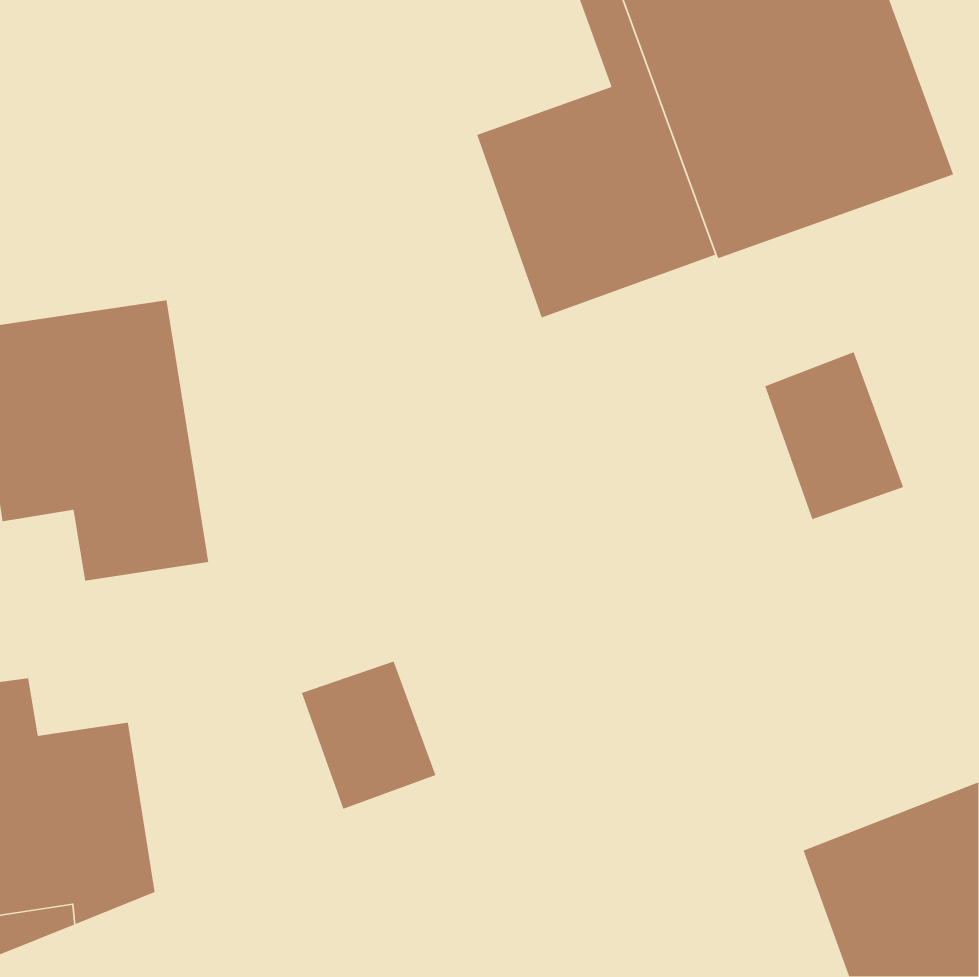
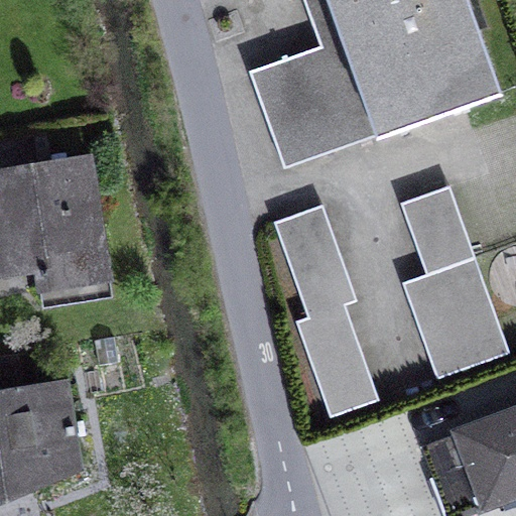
building: none -> [274,204,379,416]
building: none -> [414,256,509,374]
building: [301,660,437,810] -> none

